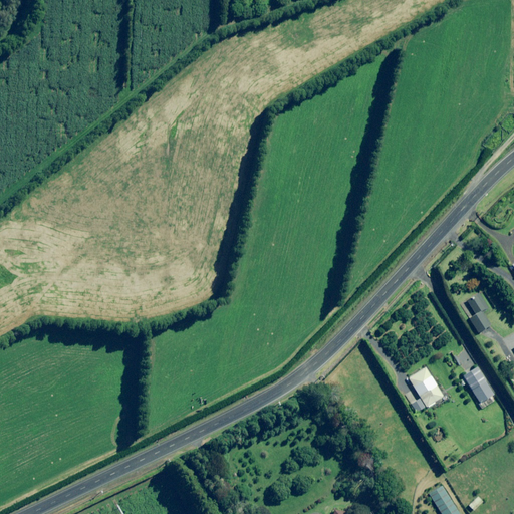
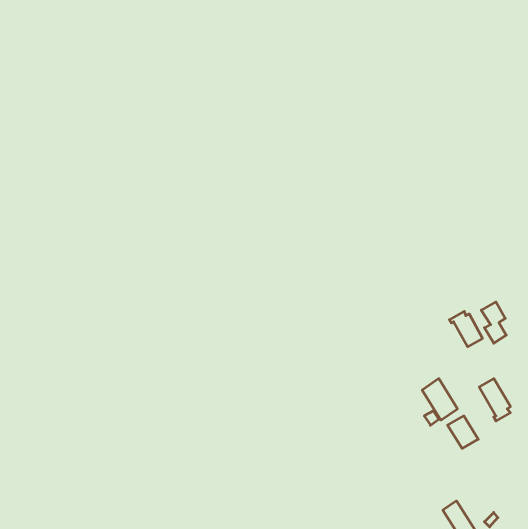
building: none -> [449,311,482,347]
building: none -> [448,416,478,448]

